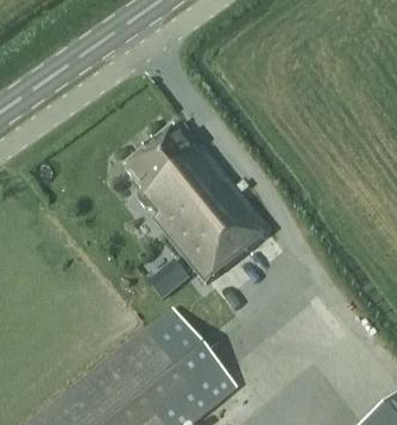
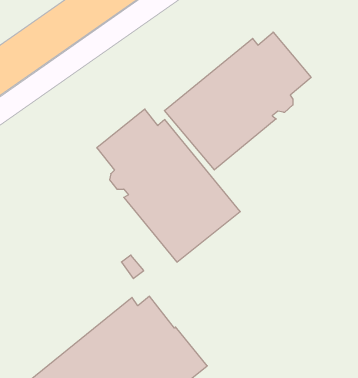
building: none -> [164,32,311,170]

